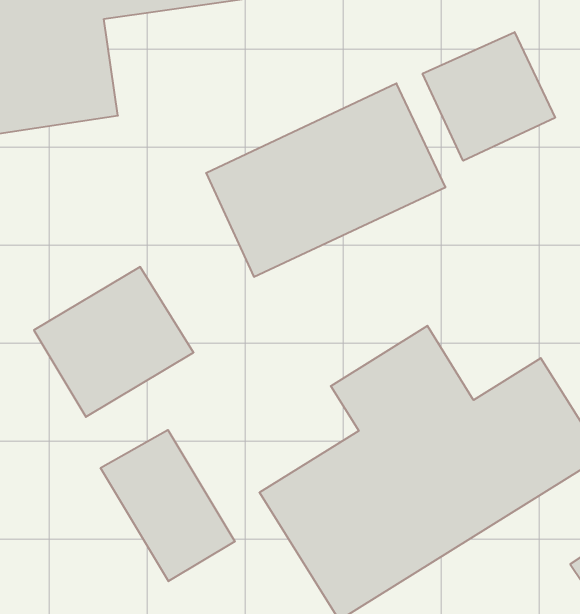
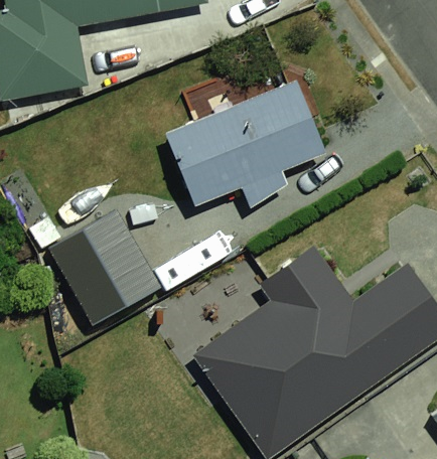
building: [423,32,555,161] -> none
building: [101,430,235,581] -> none

